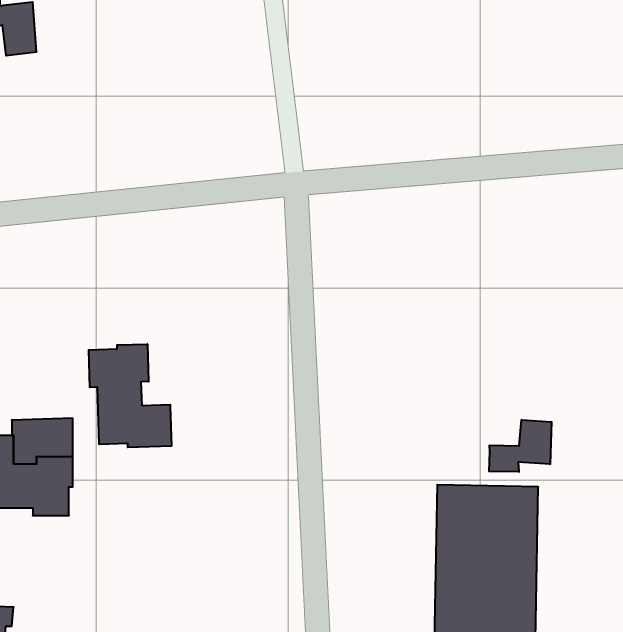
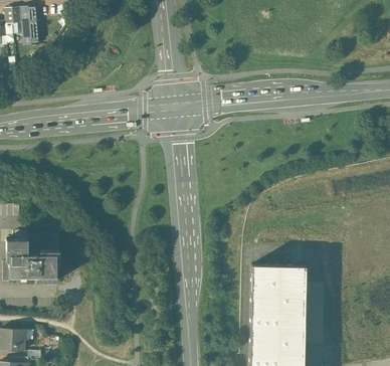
building: [89,344,171,447] -> none
building: [489,420,552,472] -> none

